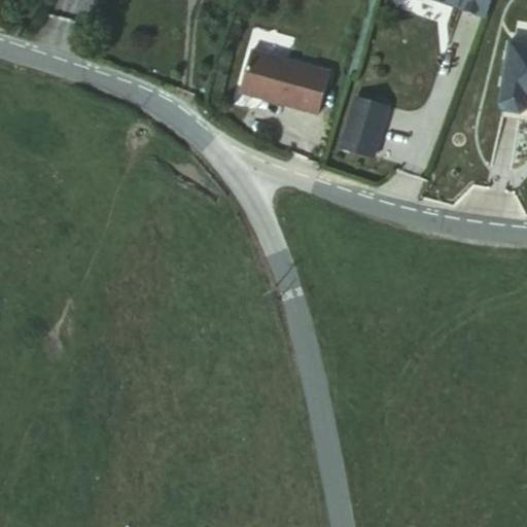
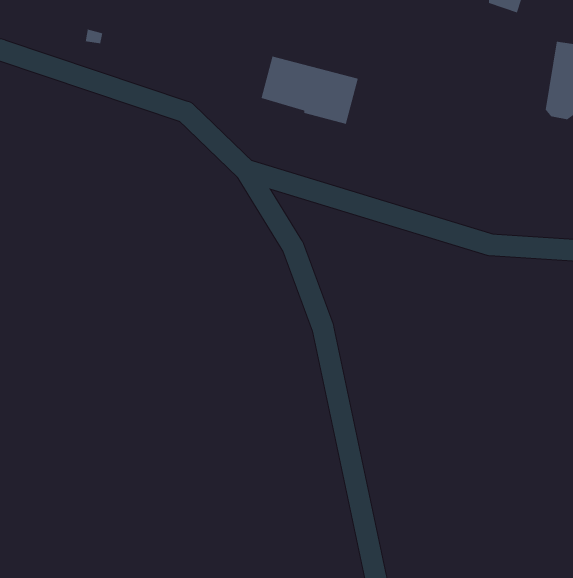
building: [343,97,389,154] -> none

